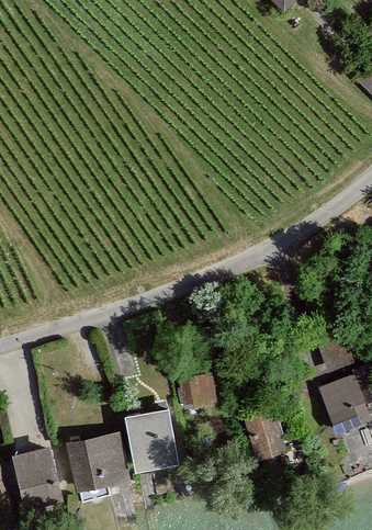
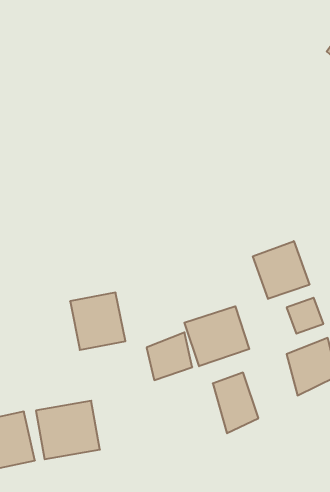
building: none -> [253,241,309,299]
building: none -> [184,306,249,366]
building: [123,410,179,469] -> [70,293,125,350]

